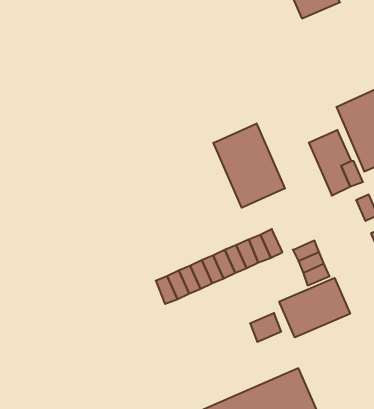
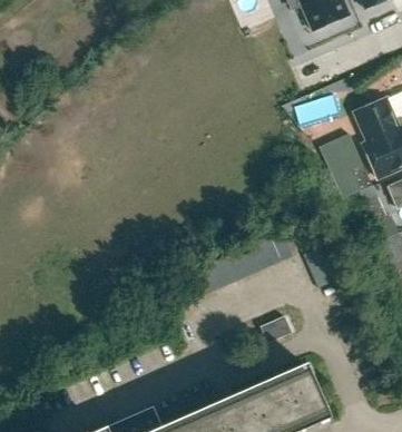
building: [213,123,285,208] -> none
building: [279,278,350,337] -> none

